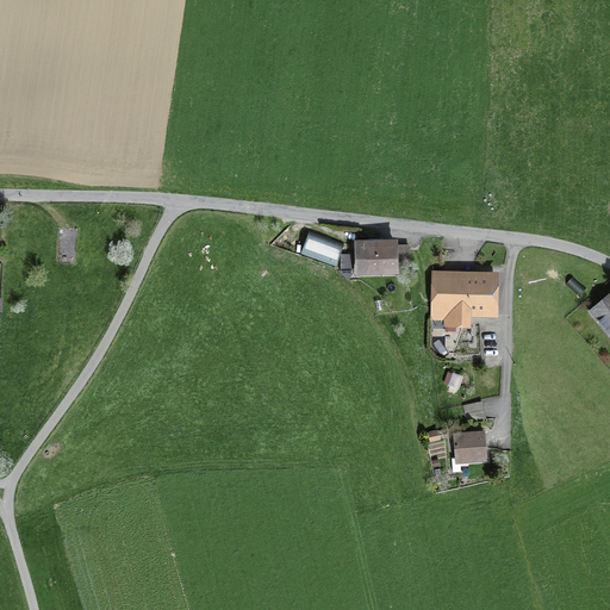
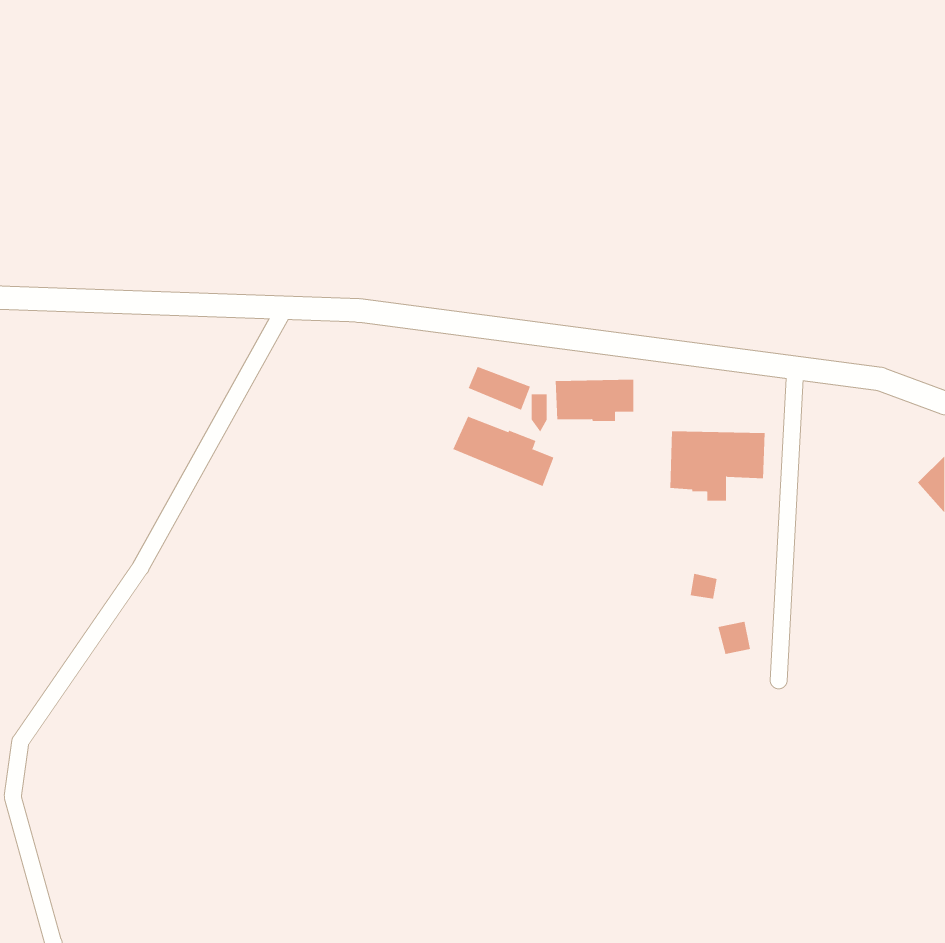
building: none -> [453,416,554,487]
building: [455,431,486,460] -> none

